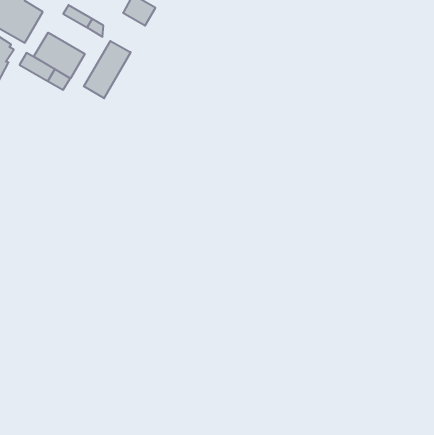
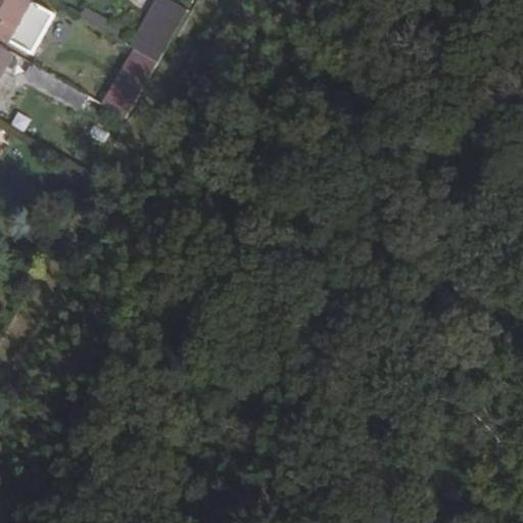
building: none -> [130,15,174,62]
building: [33,33,85,79] -> none

